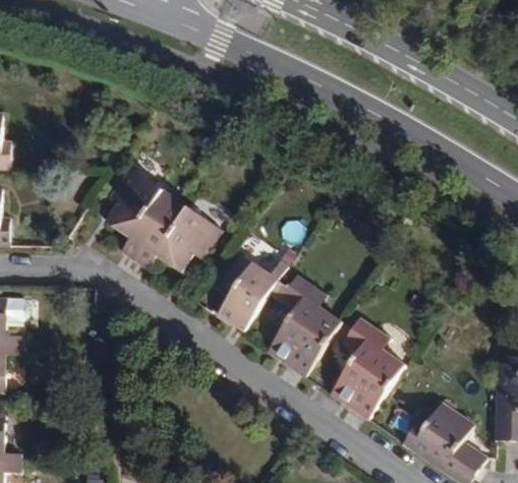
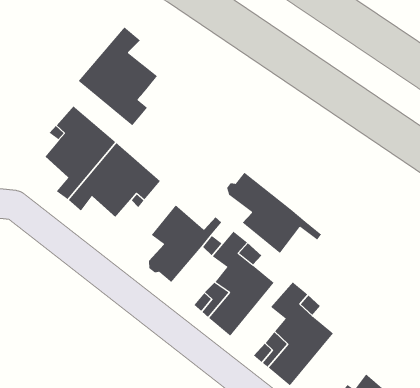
building: none -> [78,27,158,126]
building: none -> [226,172,322,254]

